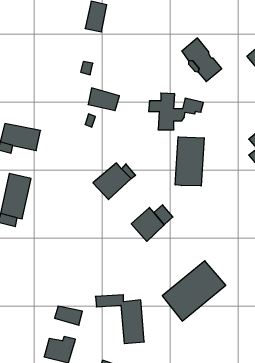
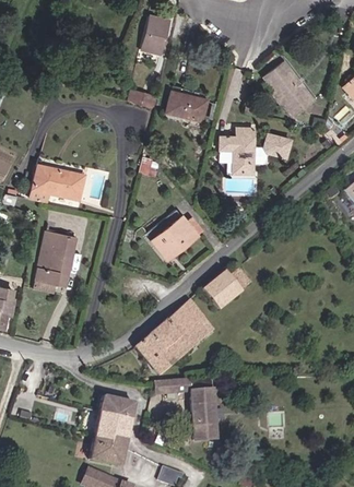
building: [88,88,119,111] -> [166,90,205,118]
building: [175,137,204,186] -> none
building: [162,261,226,321] -> [133,301,213,377]
building: none -> [95,411,132,439]

